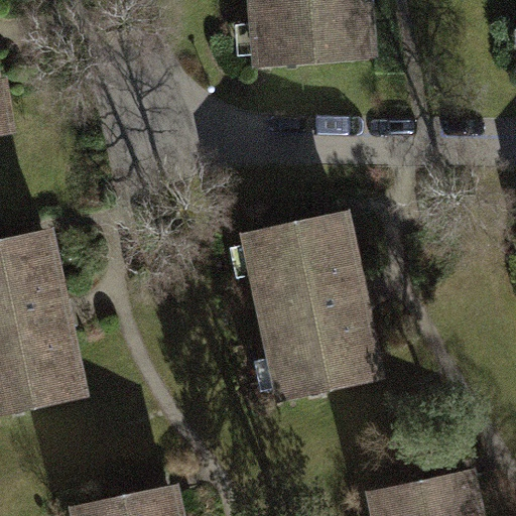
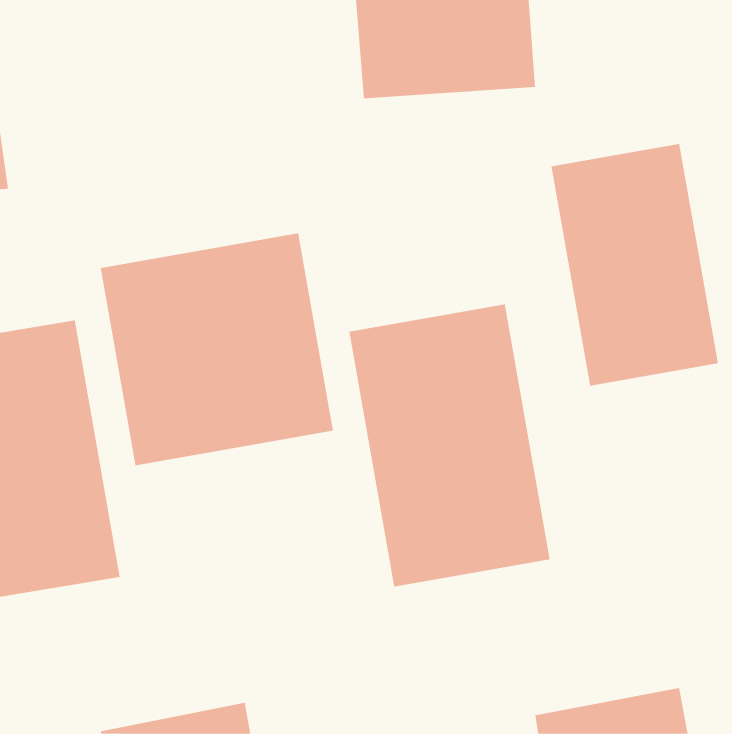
building: none -> [551,143,718,386]
building: none -> [100,232,334,466]

